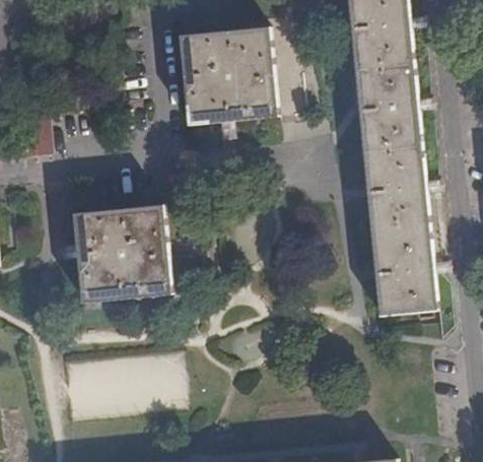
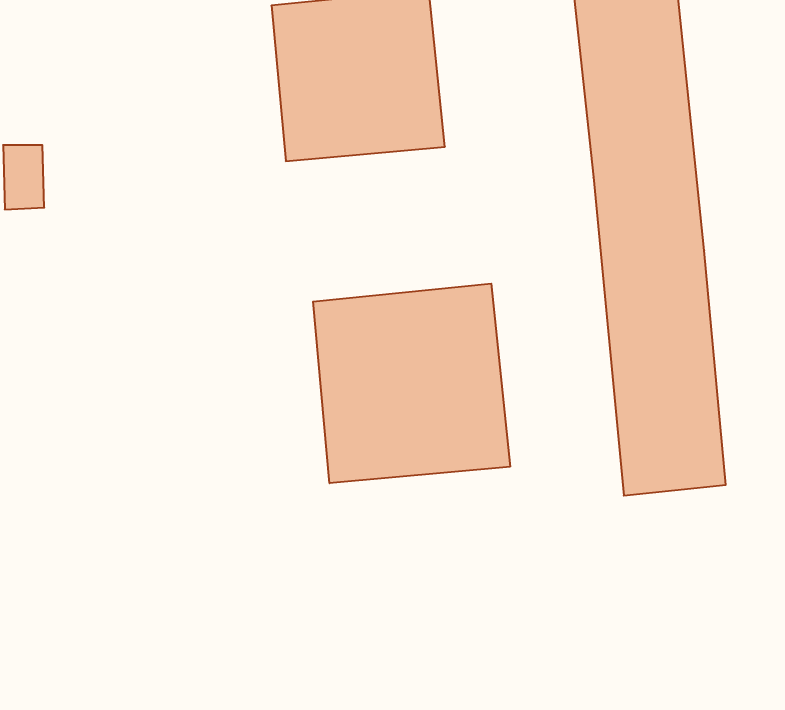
building: none -> [313,284,510,483]
building: [72,205,169,303] -> none

